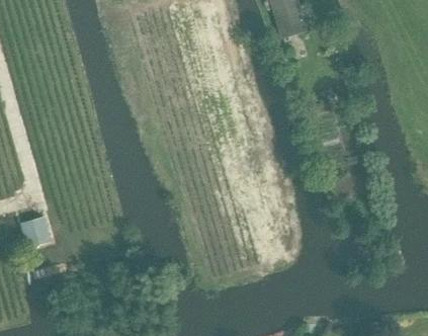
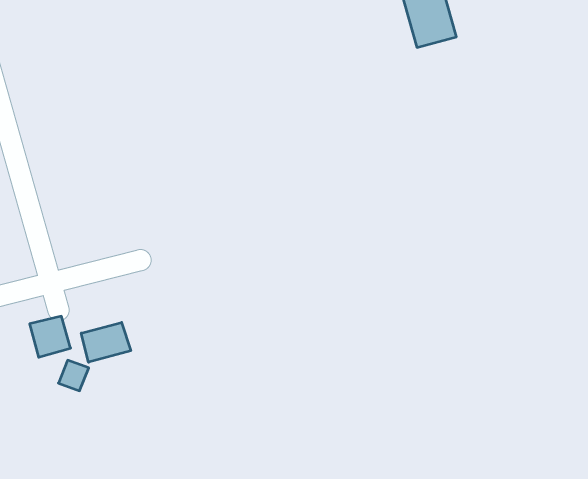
building: none -> [81,322,131,362]

